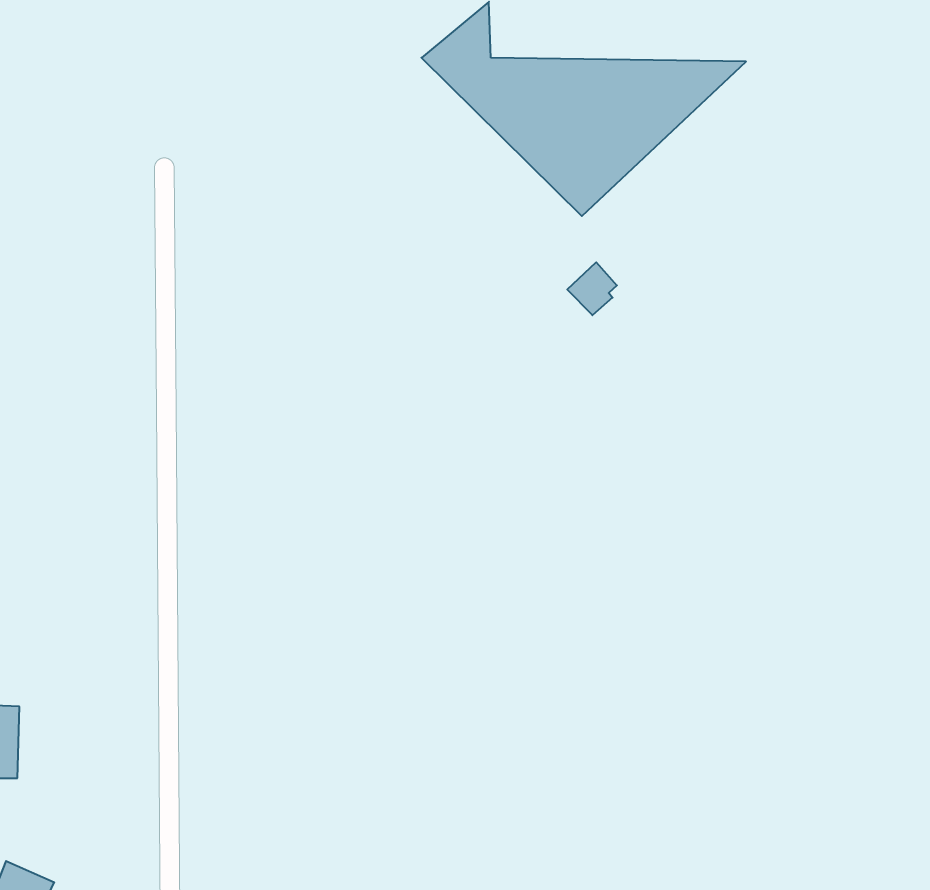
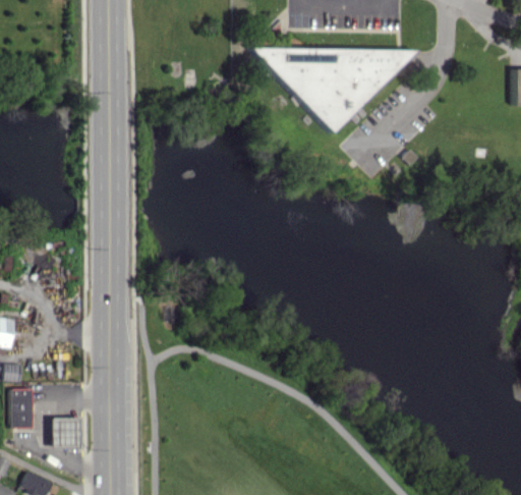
building: [567,262,617,315] -> none
building: none -> [53,419,81,448]

